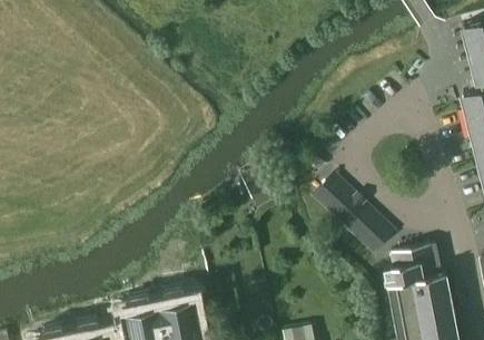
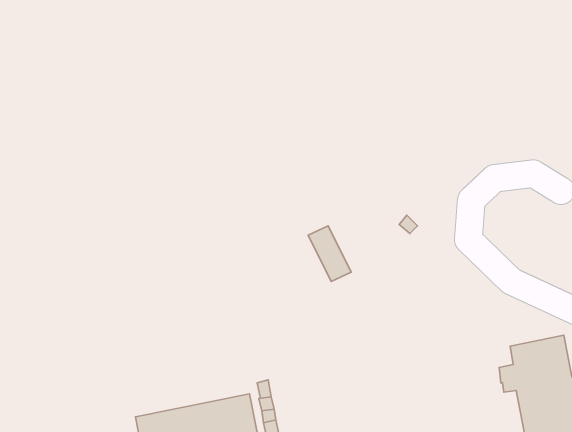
building: [313,175,393,253] -> none

